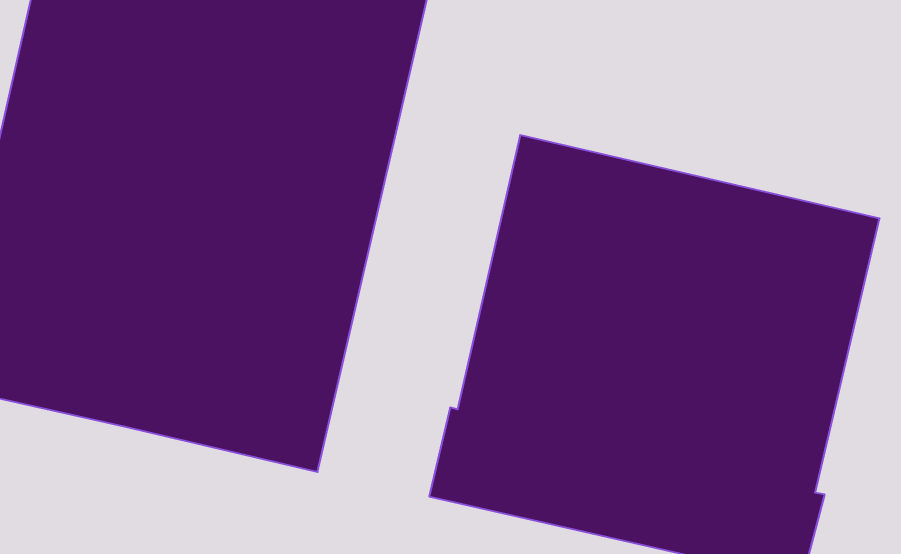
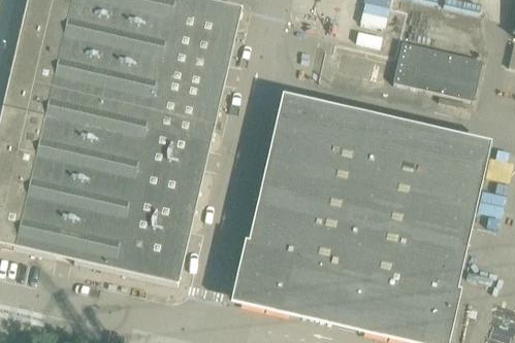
building: none -> [393,39,483,98]

